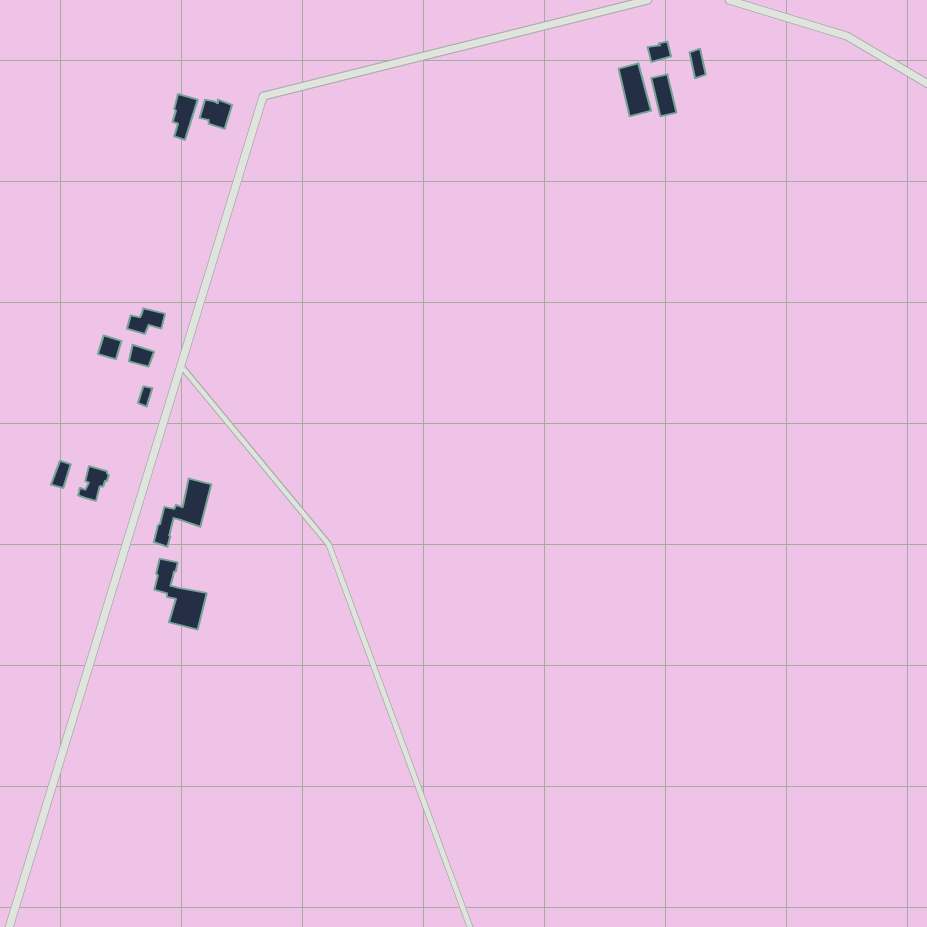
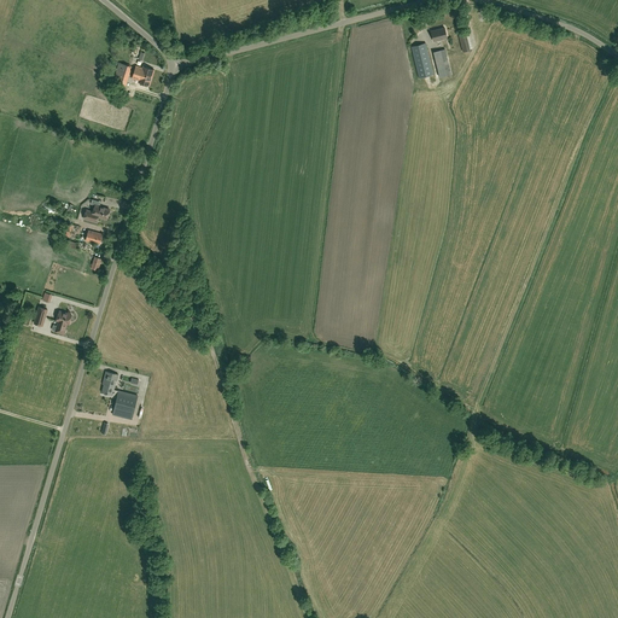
building: [154,478,211,547] -> none

